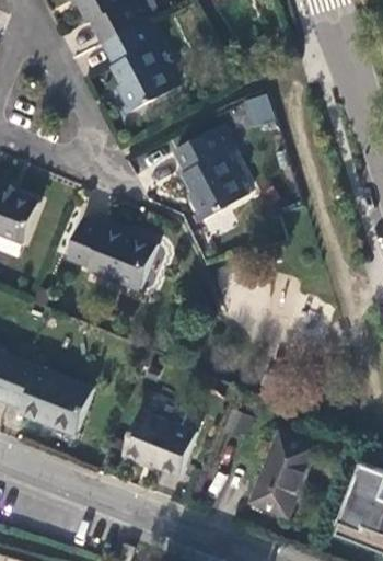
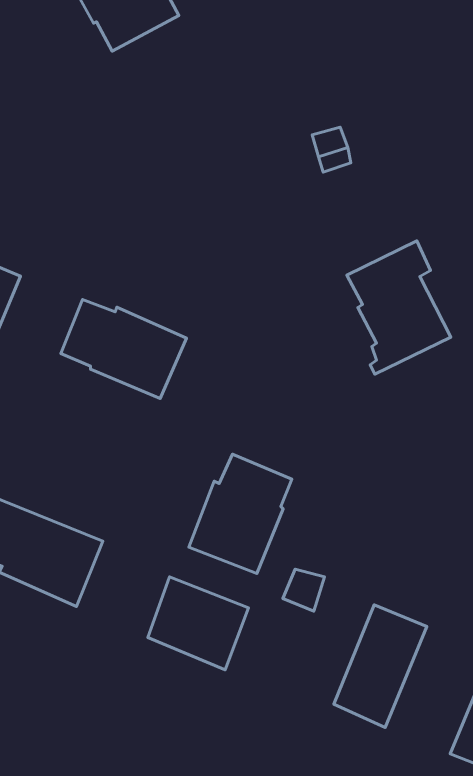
building: [98,18,171,116] -> none
building: [170,128,243,222] -> [347,241,451,374]
building: none -> [189,454,292,574]

